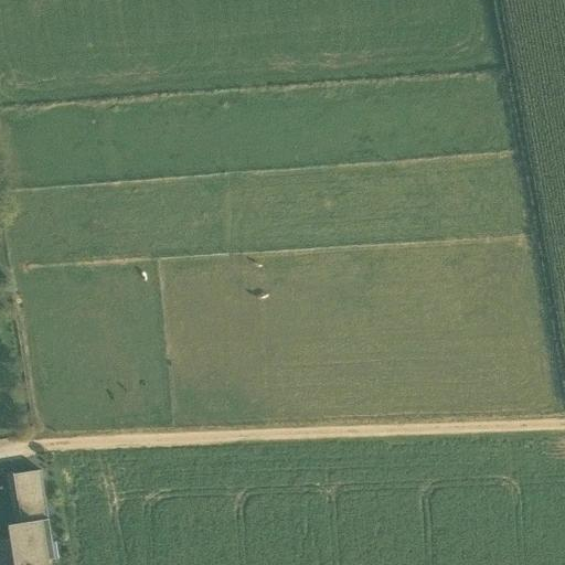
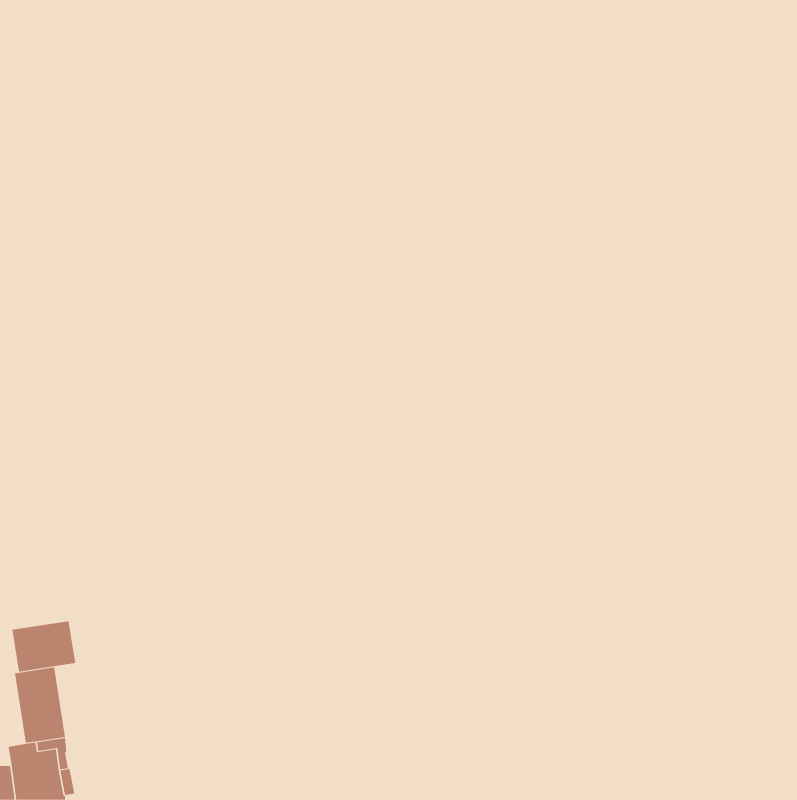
building: none -> [12,620,76,672]

